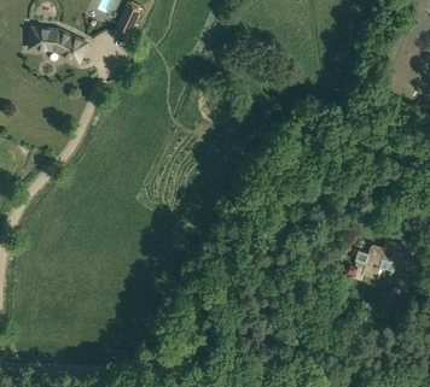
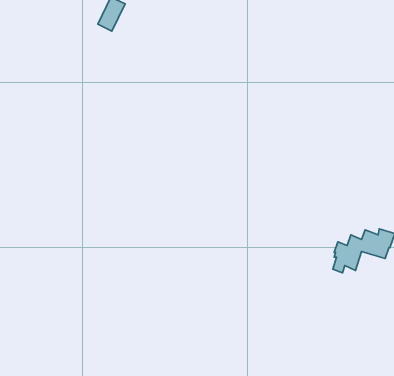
building: [28,27,86,61] -> none

